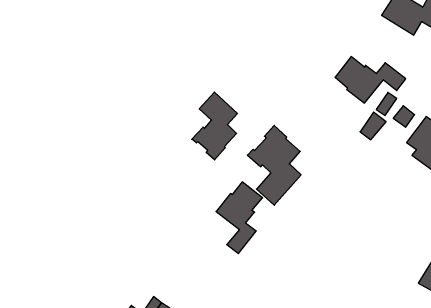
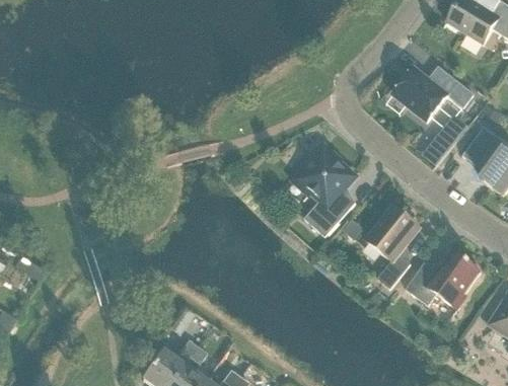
building: [192,92,237,160] -> none
building: [216,182,263,254] -> [365,207,418,288]
building: none -> [405,249,481,308]

